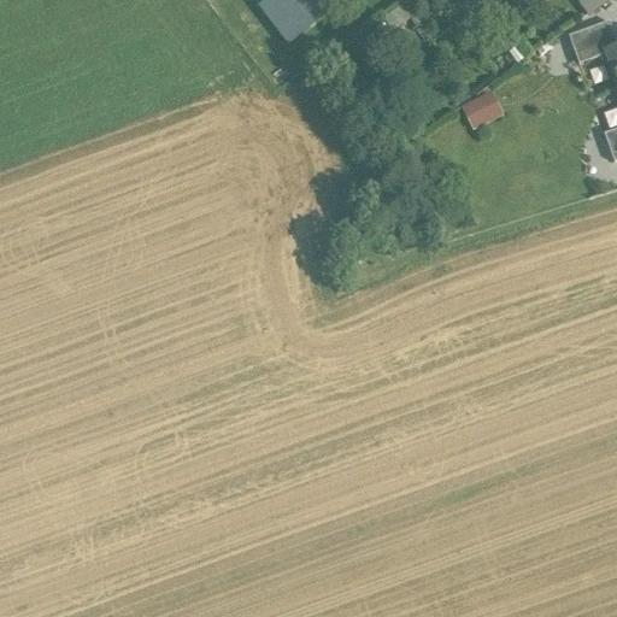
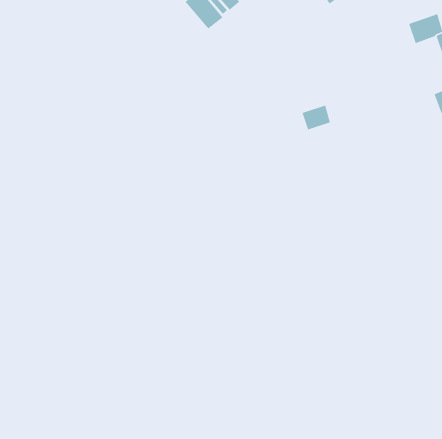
building: [463,88,504,124] -> [302,105,331,131]

